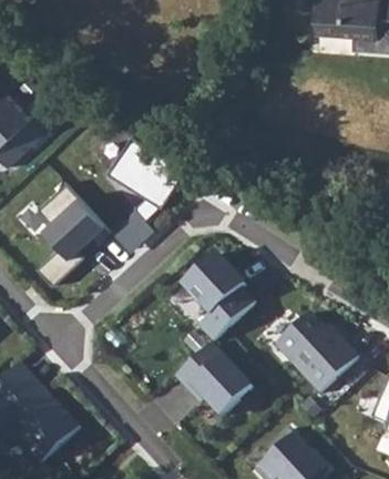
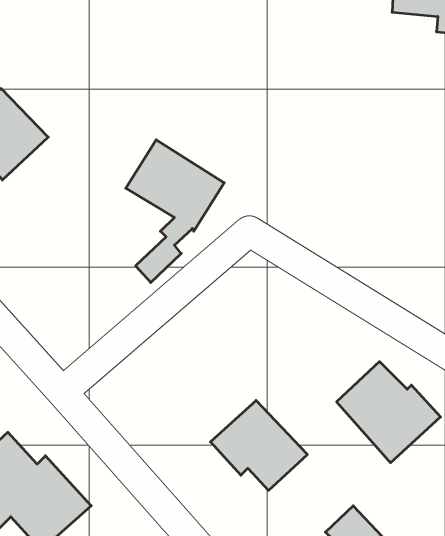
building: [38,184,112,285] -> none
building: [184,254,256,342] -> none

